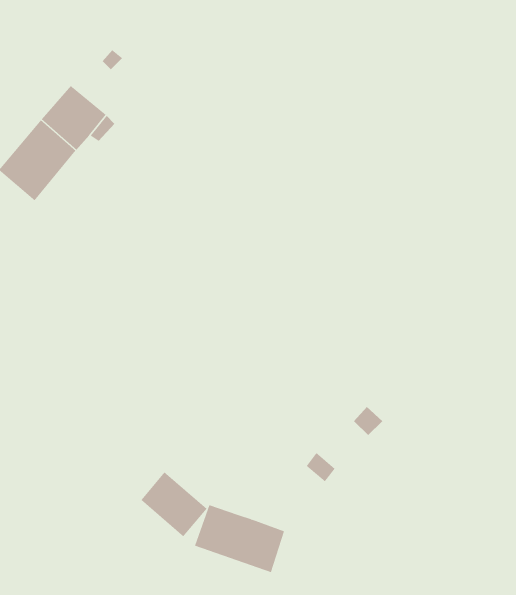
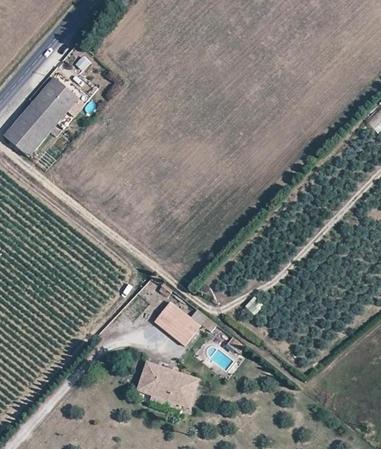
building: [140,472,207,537] -> [154,301,199,345]

